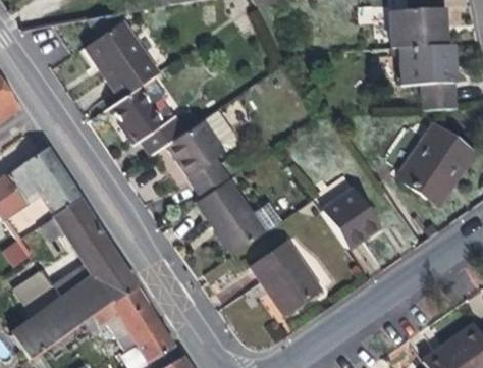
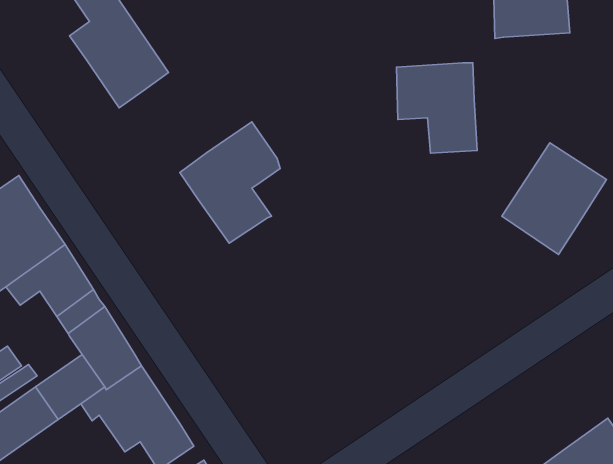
building: [398,44,457,109] -> [396,63,477,153]
building: [105,86,184,155] -> none
building: [196,177,265,254] -> none
building: [322,187,380,248] -> none
building: [252,241,319,312] -> none

